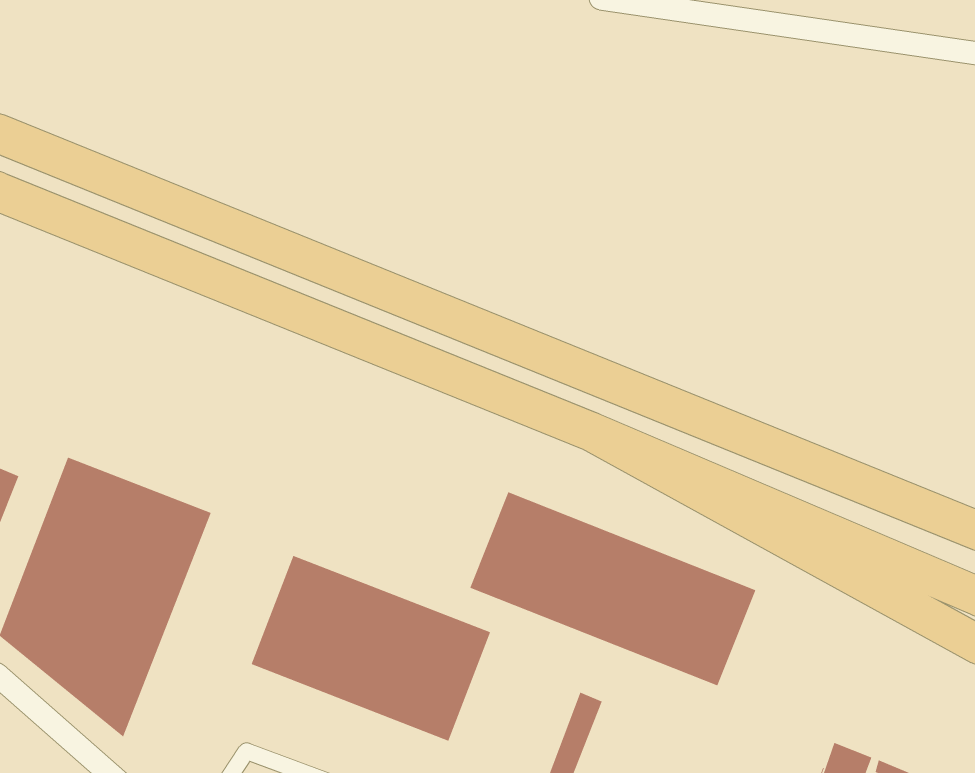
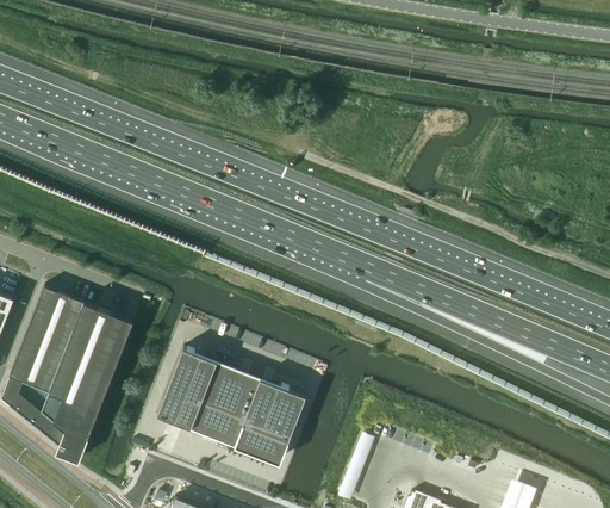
building: [469,491,756,686] -> none

